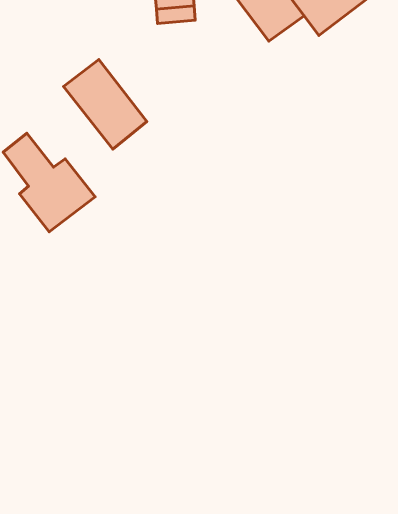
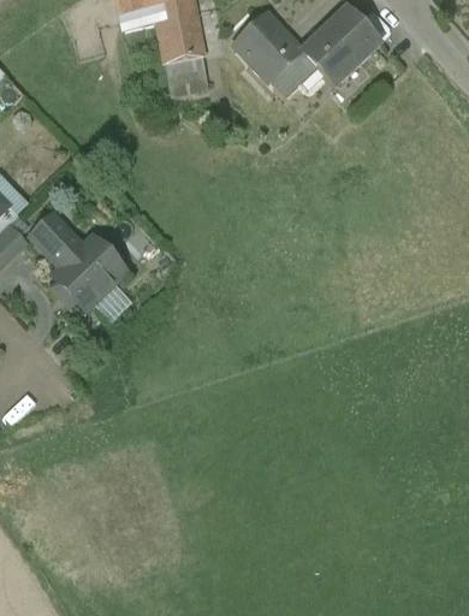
building: [64,60,147,149] -> none

